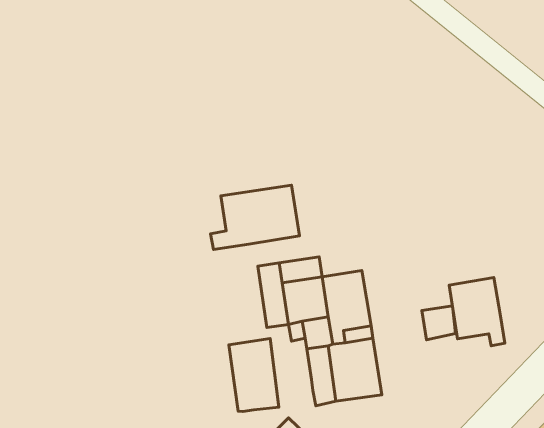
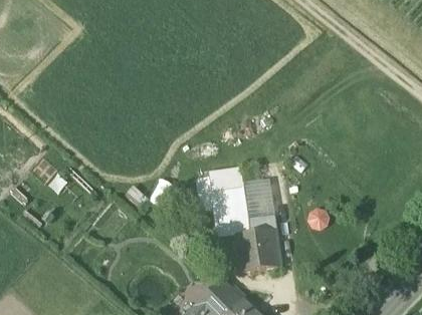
building: [211,185,300,249] -> none
building: [449,278,505,346] -> none
building: [229,339,279,412] -> none

